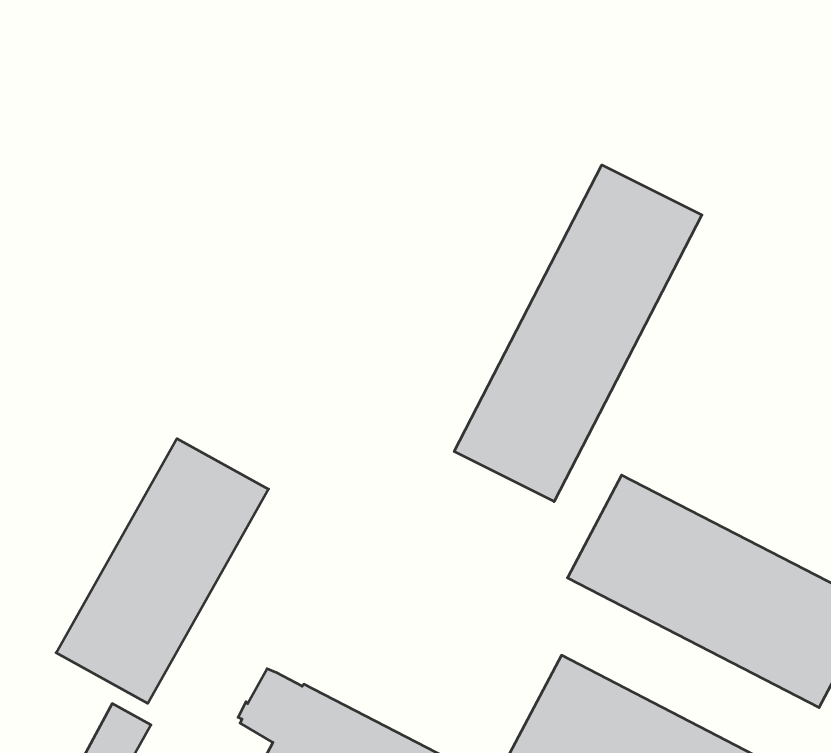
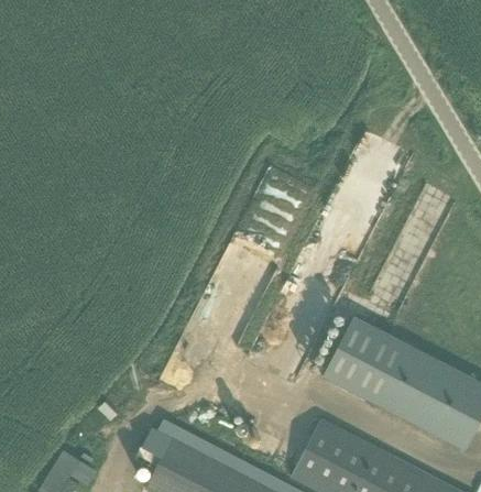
building: [454,165,702,502] -> none
building: [56,439,269,703] -> none

